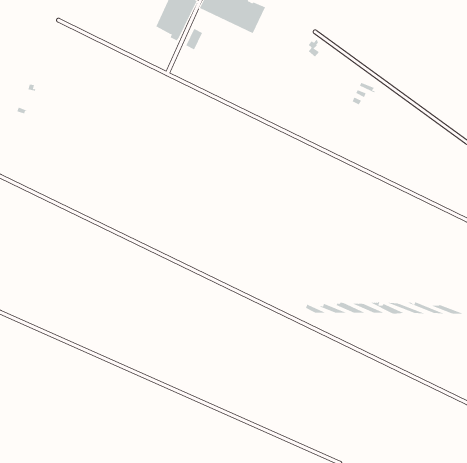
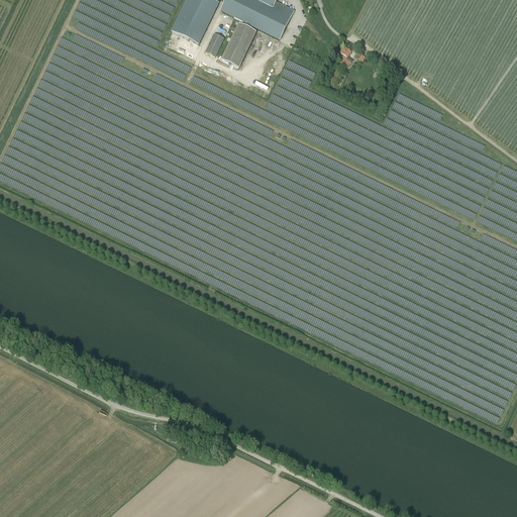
building: none -> [221,19,256,68]

